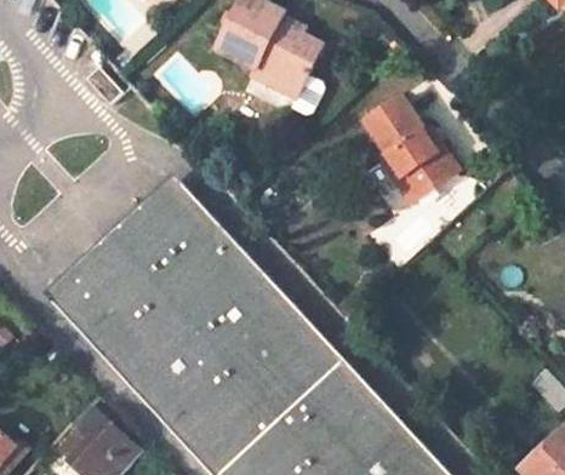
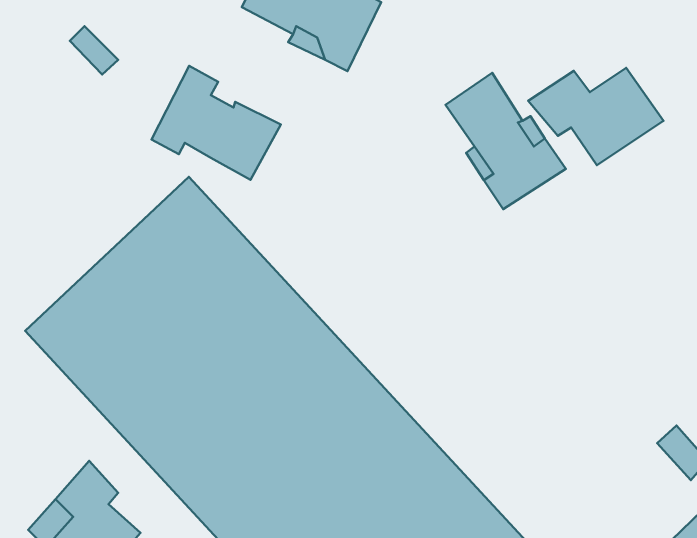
building: none -> [151,66,281,180]
building: none -> [528,68,663,165]

